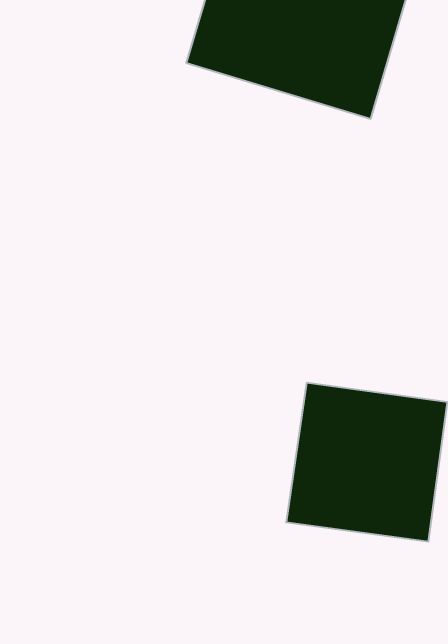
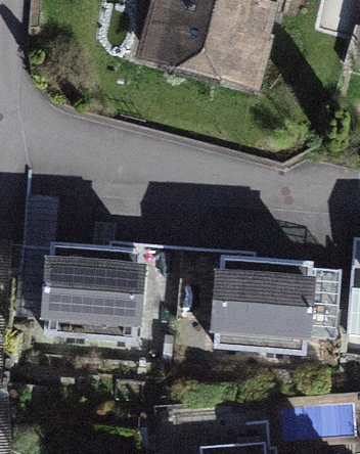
building: none -> [51,244,149,342]

